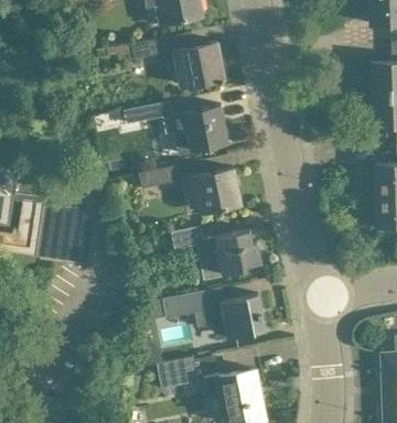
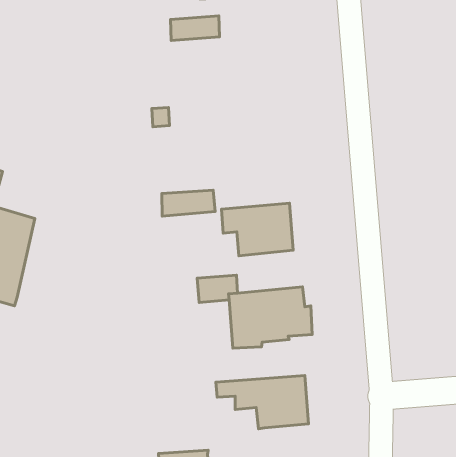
building: [174,42,227,87] -> none
building: [162,105,228,156] -> none
building: [162,291,201,318] -> none

